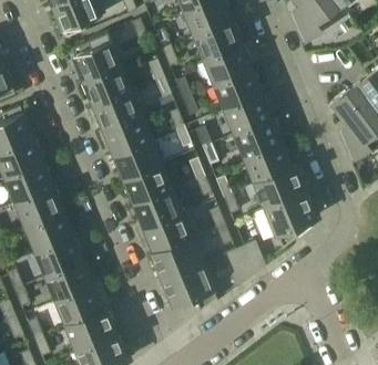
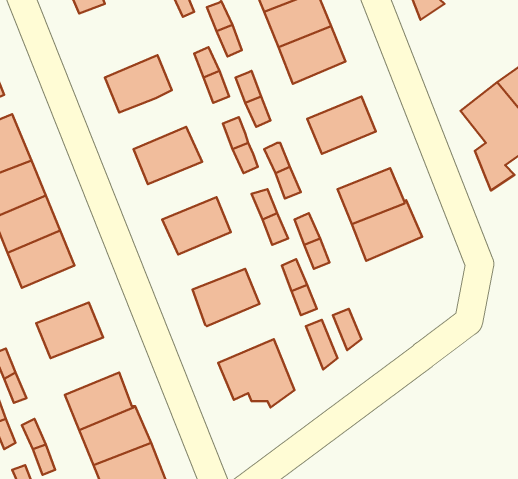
building: [70,41,120,82] -> none
building: [214,71,262,111] -> none
building: [93,91,140,132] -> none
building: [234,119,282,159] -> none
building: [113,140,161,180] -> none
building: [134,189,181,229] -> none
building: [265,192,315,249] -> none
building: [25,212,72,252] -> none
building: [152,239,201,280] -> none
building: [45,262,93,302] -> none

